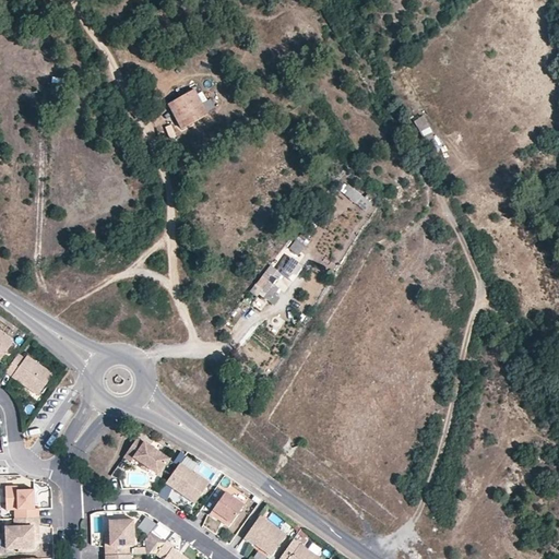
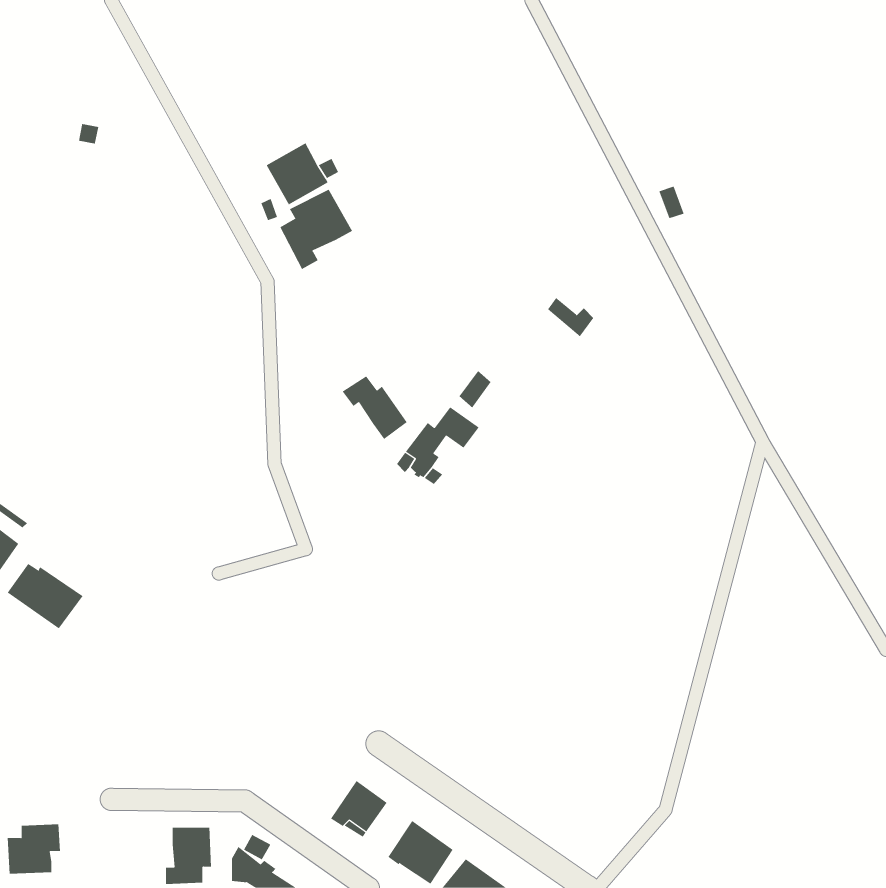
building: none -> [280,189,353,270]
building: none -> [342,376,408,440]
building: [122,438,167,474] -> none
building: [165,463,209,503] -> none
building: [4,486,38,519] -> none

